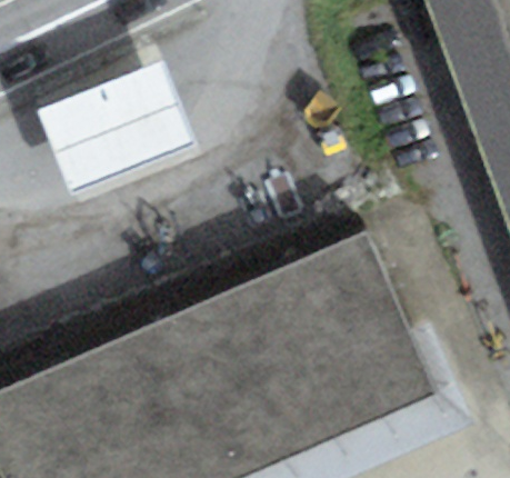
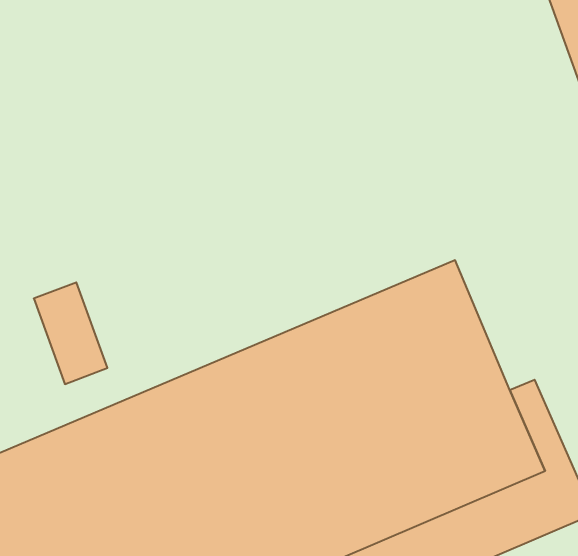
building: [38,60,198,198] -> none

